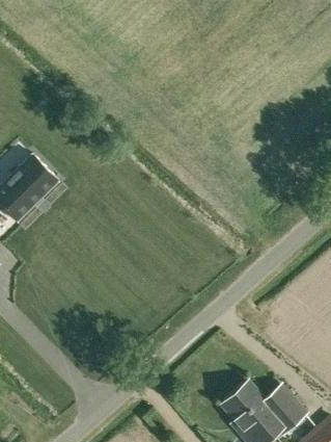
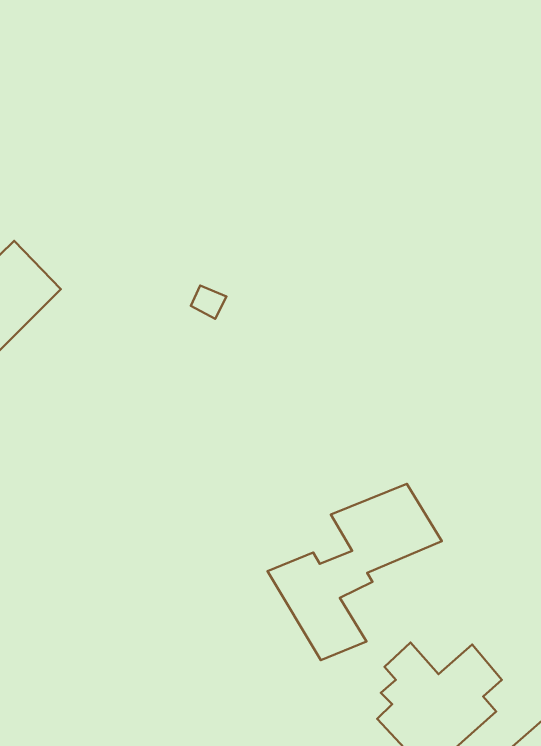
building: none -> [268,484,442,660]

